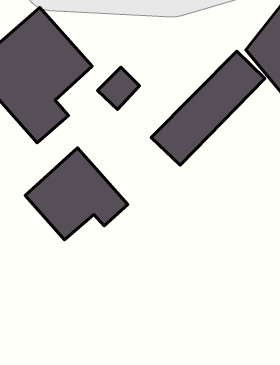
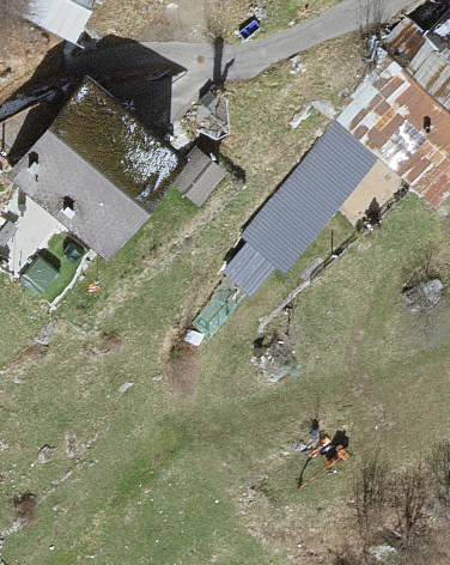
building: [25,148,128,240] -> none

